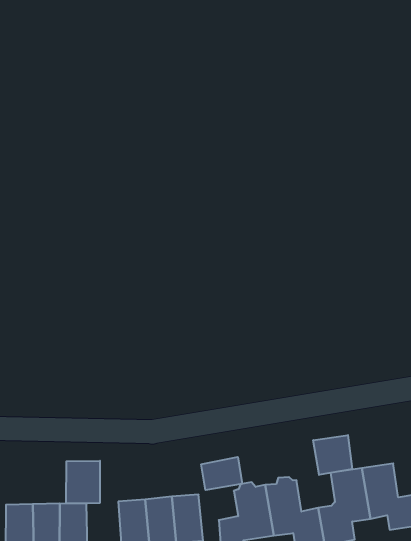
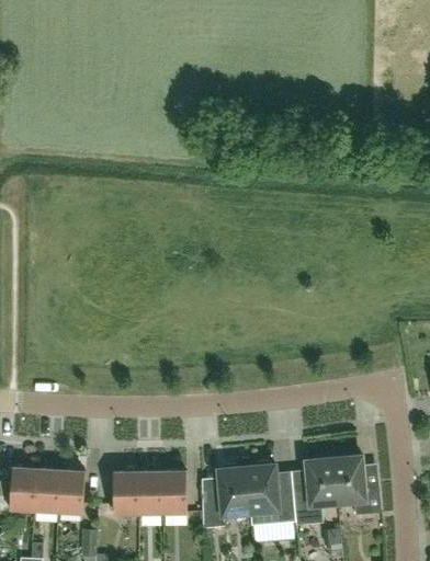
building: [313,435,352,475] -> none
building: [201,457,242,490] -> none
building: [66,461,100,503] -> none

